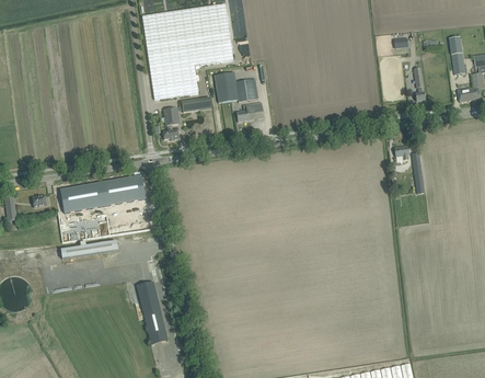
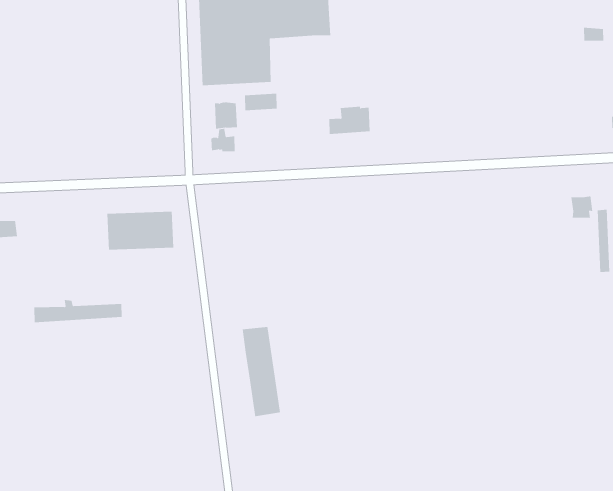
building: [213,71,258,102] -> none
building: [61,185,105,214] -> none
building: [137,282,166,340] -> [242,327,281,417]

